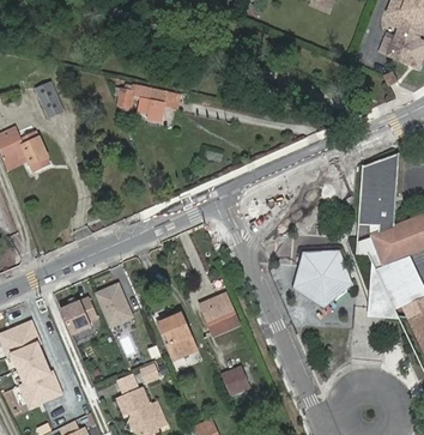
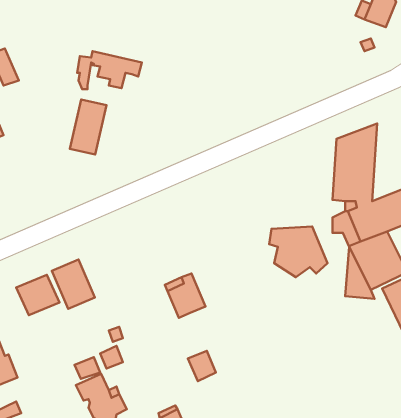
building: none -> [70,100,107,155]
building: [292,266,343,308] -> none
building: [157,313,196,360] -> none

